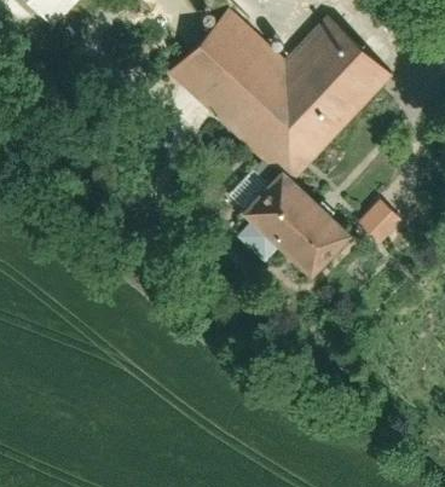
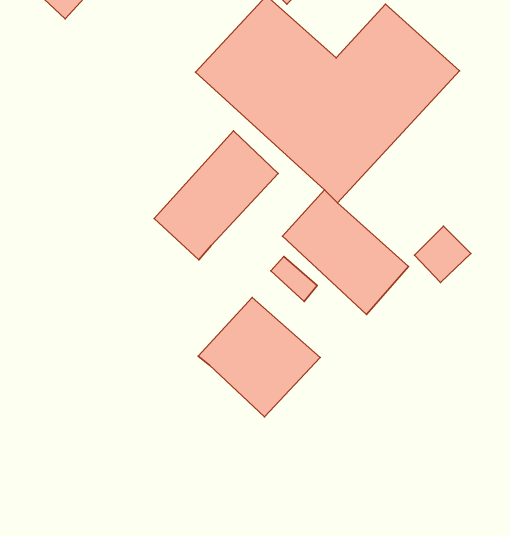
building: none -> [154,131,278,260]
building: none -> [198,297,320,417]

